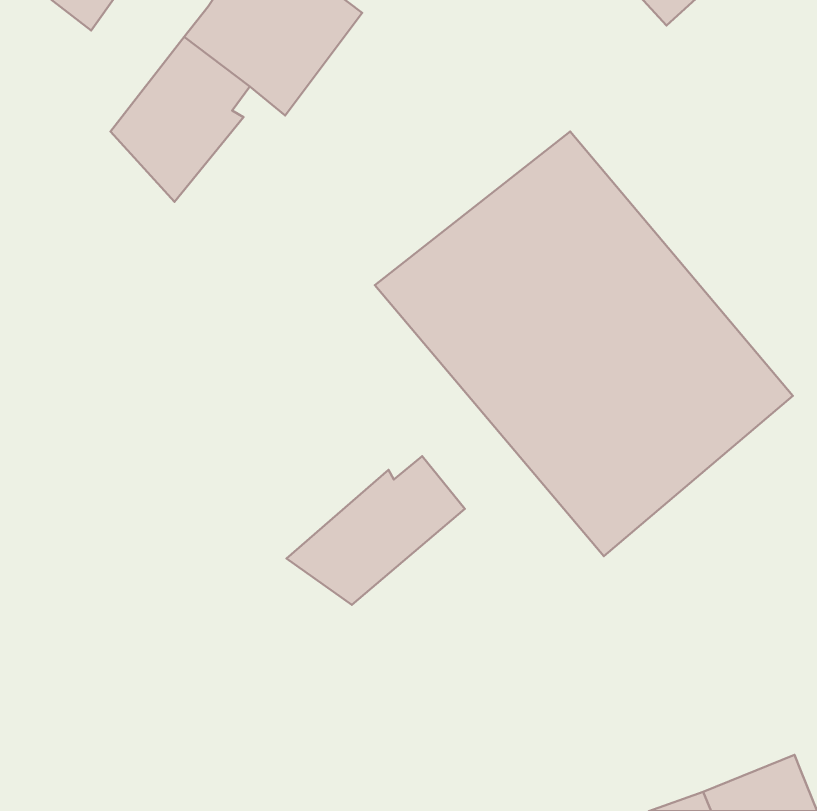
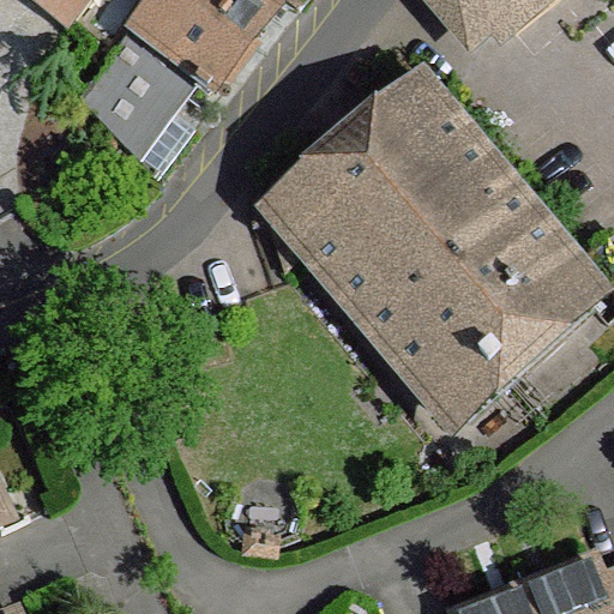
building: [286,456,465,605] -> none

